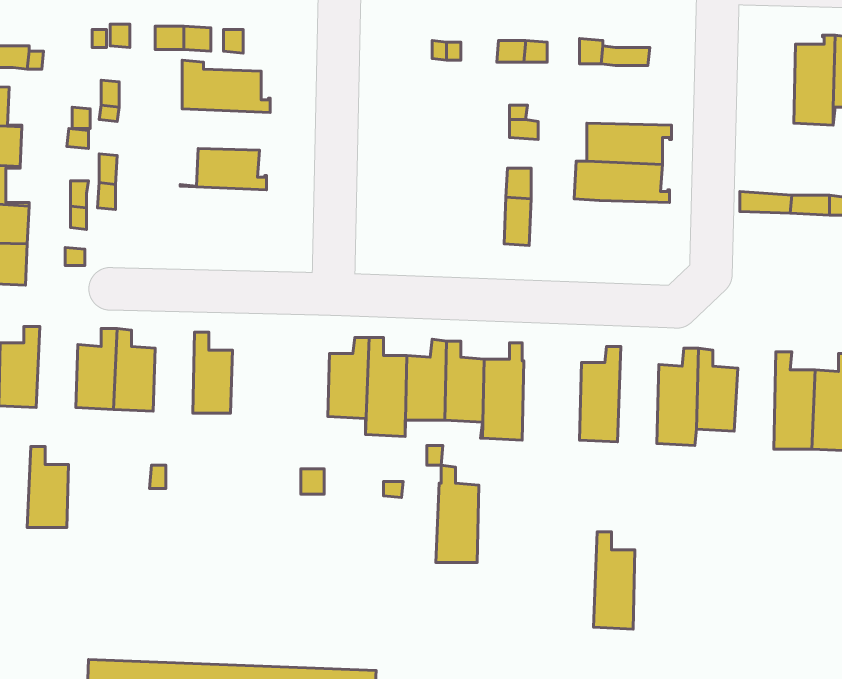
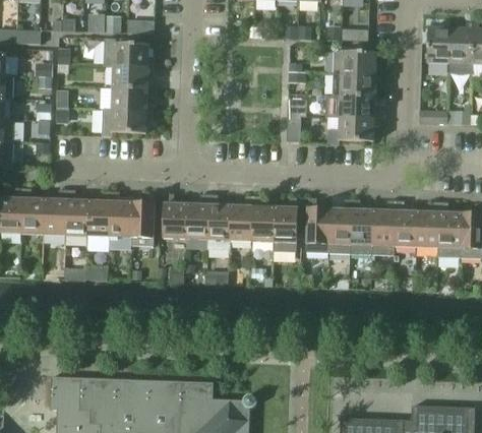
building: none -> [427,27,450,73]
building: none -> [333,50,381,74]
building: none -> [104,65,154,88]
building: none -> [102,109,152,136]
building: none -> [327,117,379,143]
building: none -> [87,191,111,237]
building: none -> [131,192,155,245]
building: none -> [164,193,187,239]
building: none -> [416,202,439,257]
building: [27,446,69,527] -> [21,188,45,234]
building: [436,465,479,562] -> [305,197,329,252]
building: [593,532,635,629] -> [350,199,373,254]

